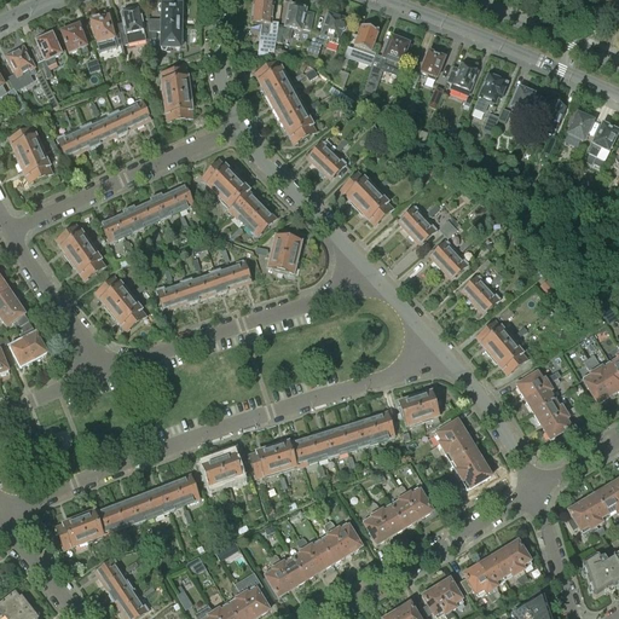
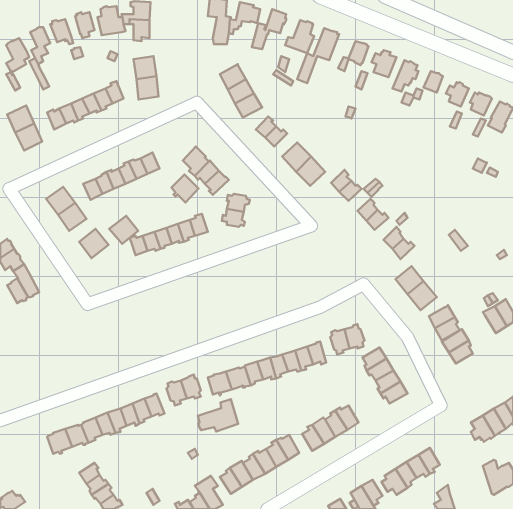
building: [255,60,294,89] -> none
building: [203,160,236,193] -> [171,174,198,203]
building: [110,295,145,329] -> [109,216,138,244]
building: none -> [198,399,238,432]

